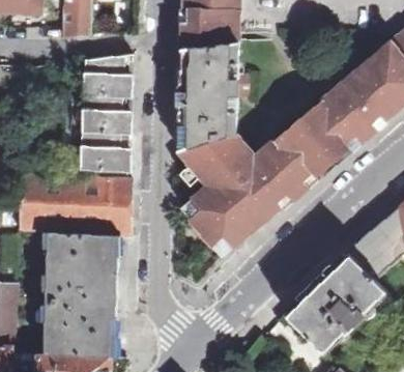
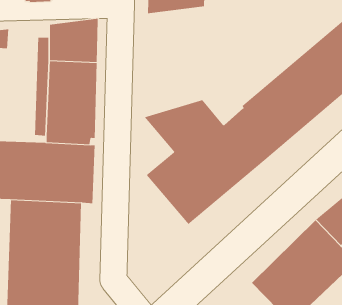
building: [178,42,249,151] -> none

